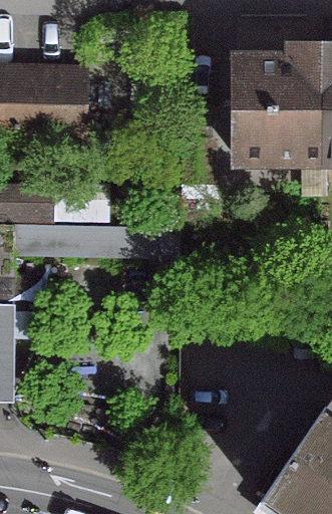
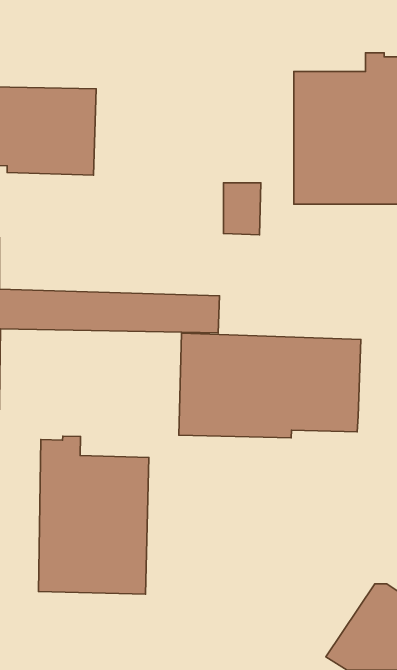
building: none -> [179,333,361,438]
building: none -> [39,436,149,594]

